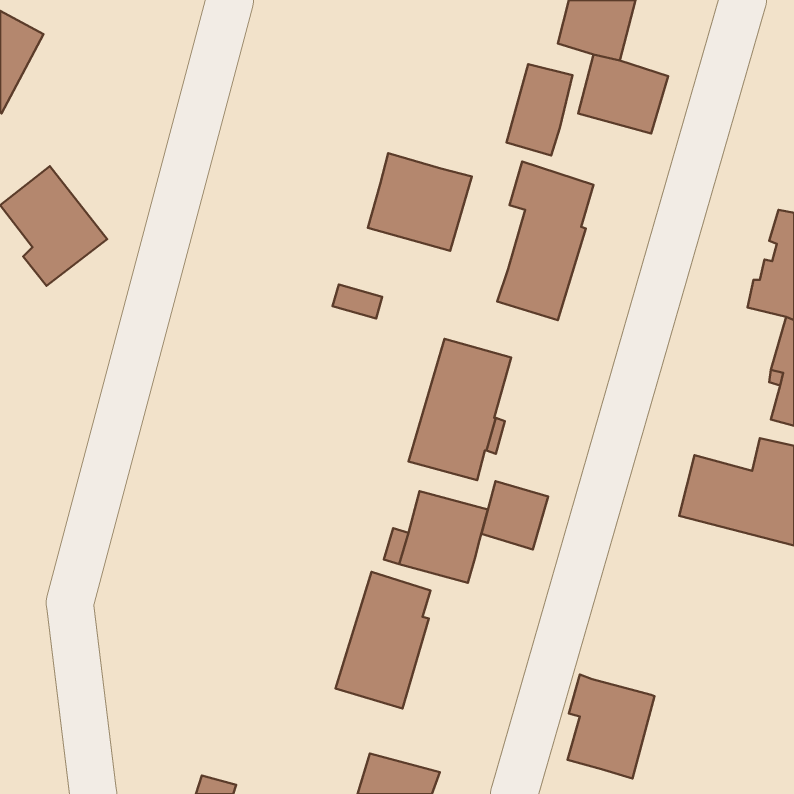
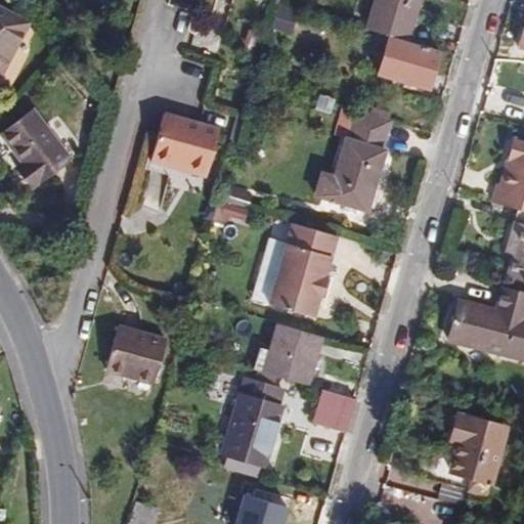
building: [507,64,573,156] -> none
building: [368,153,472,251] -> [151,113,220,177]
building: [481,481,548,549] -> [312,388,356,433]
building: none -> [105,324,167,384]
building: [567,674,654,779] -> [447,413,505,482]

